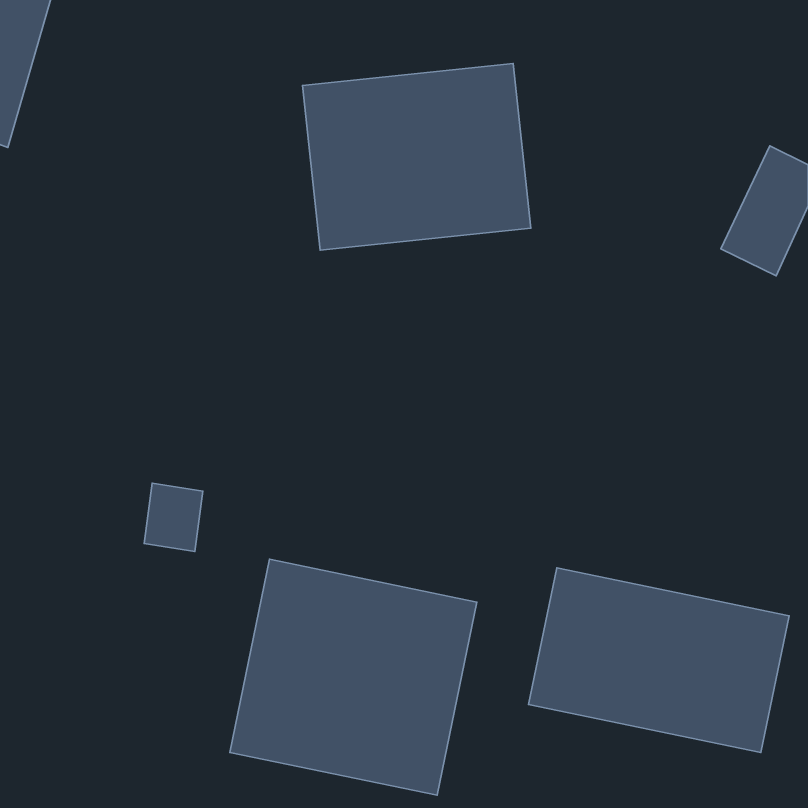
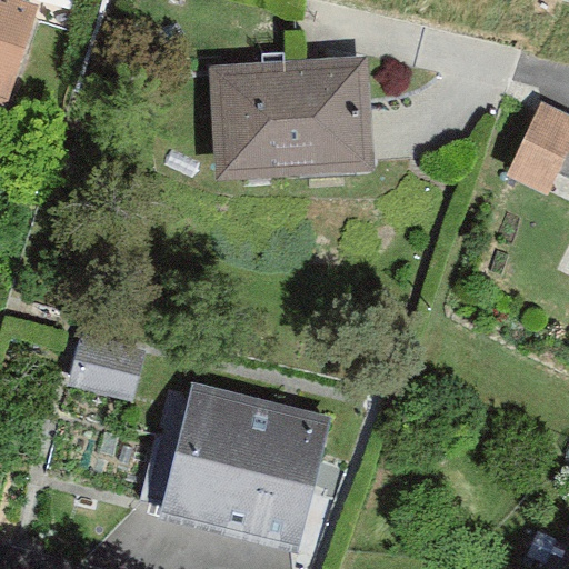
building: [529,568,789,752] -> none

